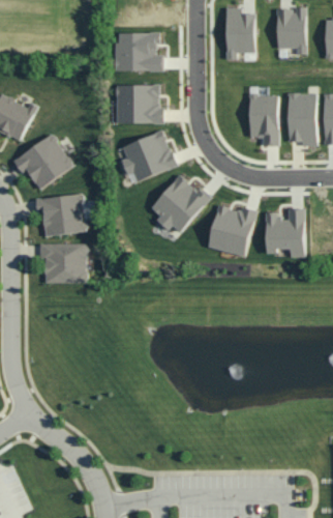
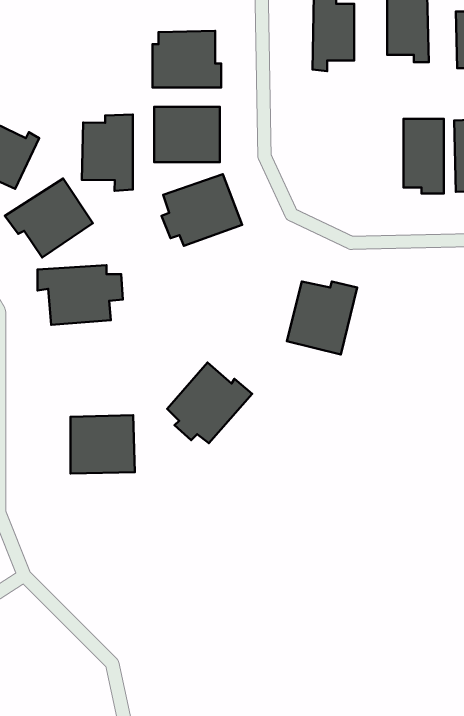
building: [249,88,279,146] -> none
building: none -> [82,114,133,191]
building: [151,176,210,232] -> [167,363,252,443]
building: [266,208,304,257] -> none
building: [42,243,87,284] -> [71,415,135,474]

